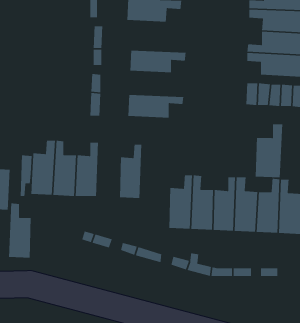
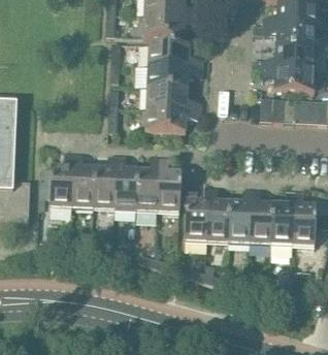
building: none -> [147,42,202,67]
building: none -> [145,86,200,110]
building: [255,123,283,178] -> none
building: none -> [157,157,181,212]
building: [8,202,31,258] -> [114,155,137,209]

